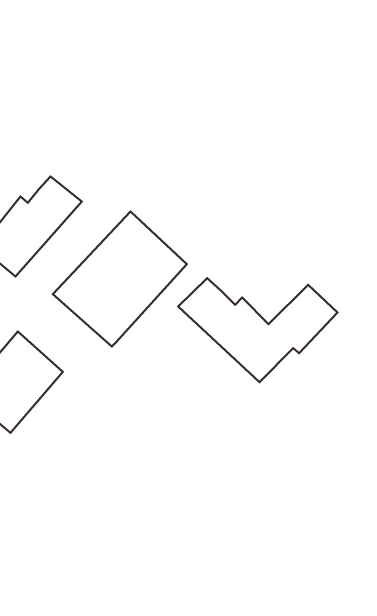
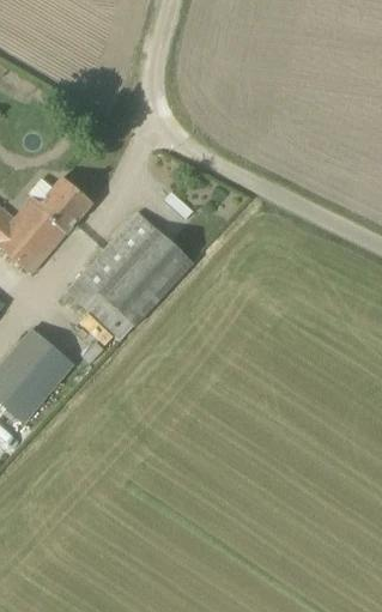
building: [178,278,337,382] -> none

